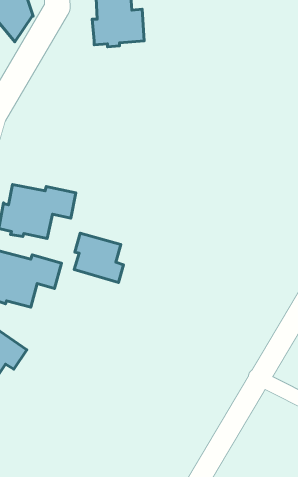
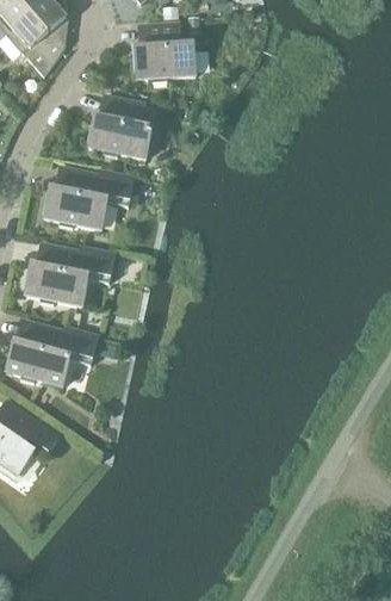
building: none -> [87,95,153,159]
building: none -> [43,167,134,230]
building: [74,233,124,282] -> none

